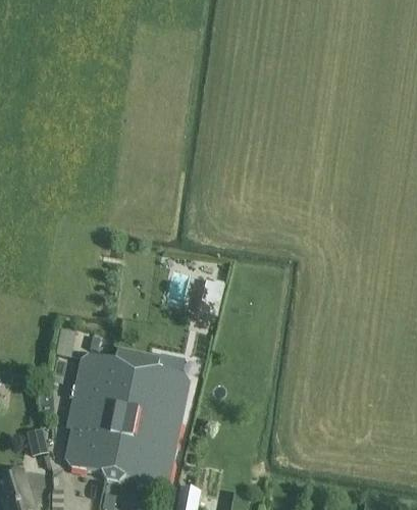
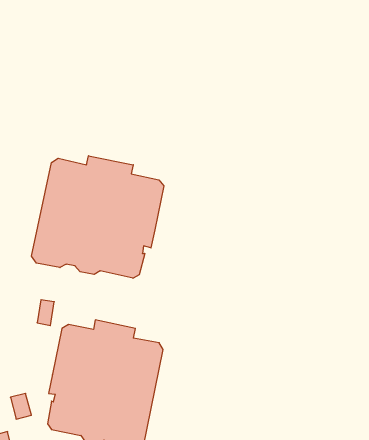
building: none -> [32,156,164,278]

